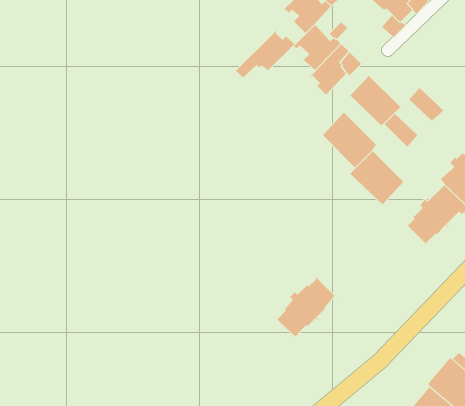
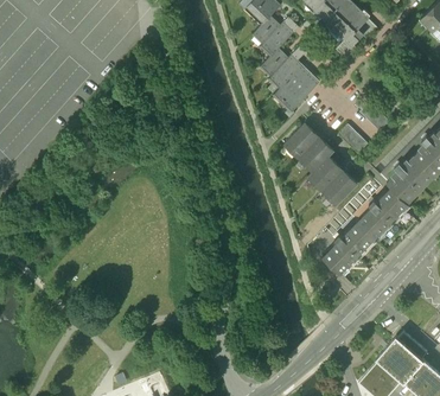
building: [235,28,295,78] -> none
building: [350,75,401,126] -> none
building: [274,276,339,338] -> [321,221,377,274]

